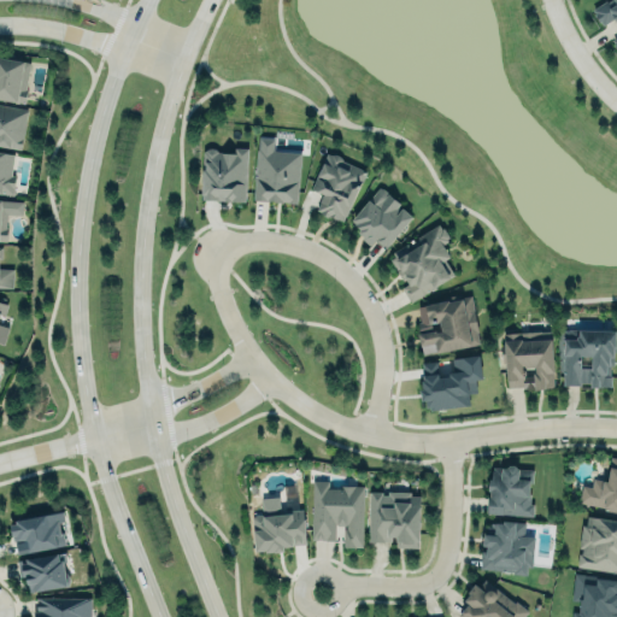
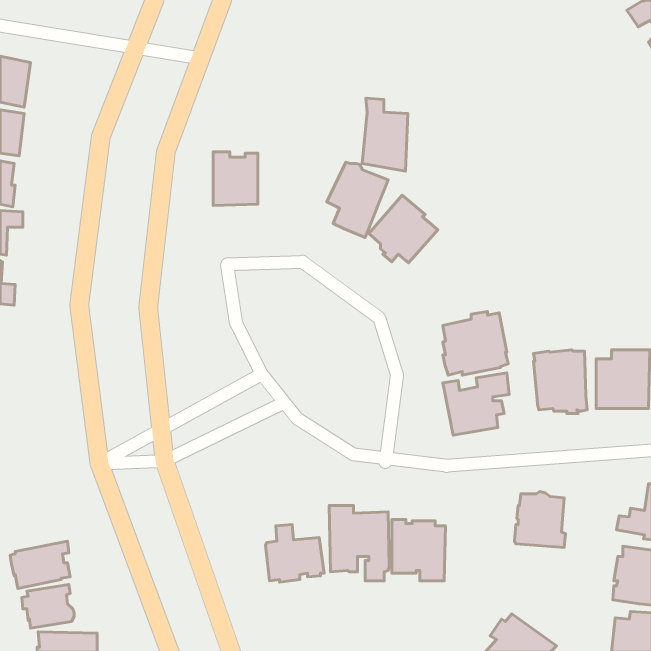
building: [254,136,298,205] -> [362,98,408,171]
building: [395,225,454,304] -> none
building: [481,522,534,575] -> none

